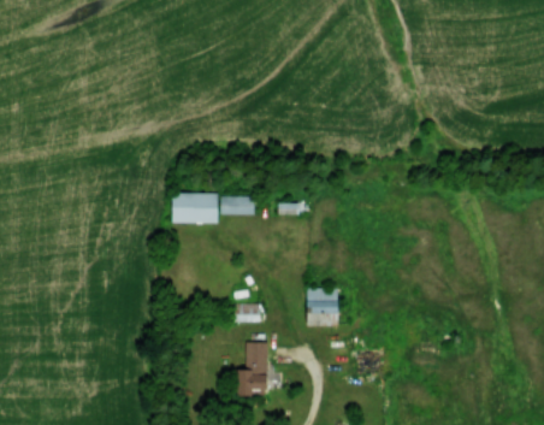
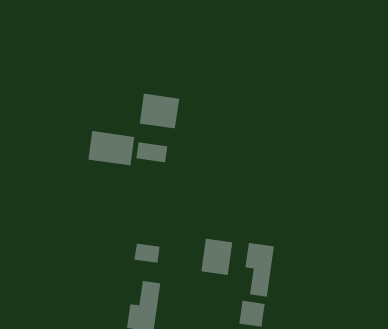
building: none -> [139,93,180,129]
building: none -> [245,242,274,297]

